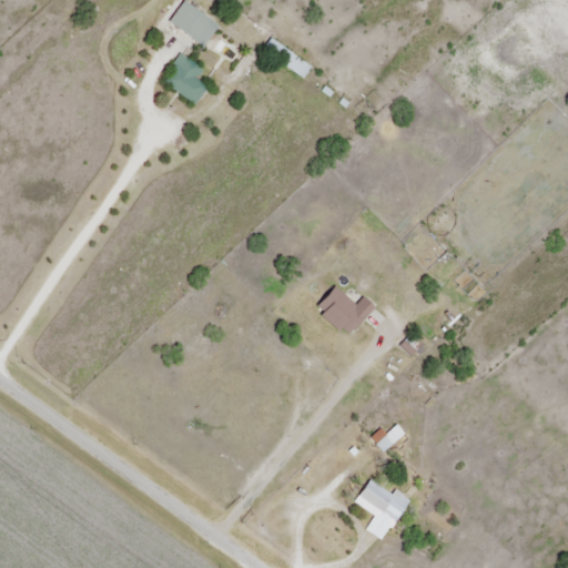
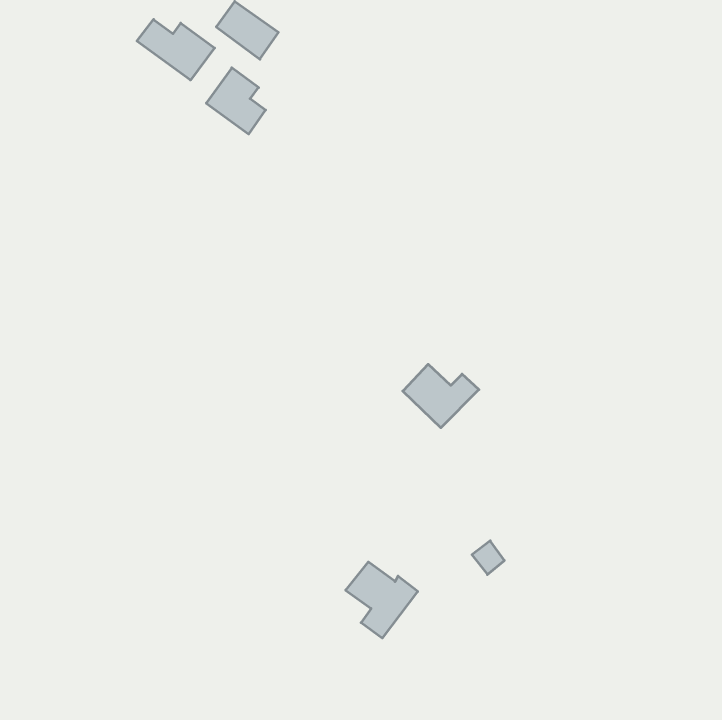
building: none -> [137,19,215,80]
building: [354,478,410,538] -> [346,562,418,638]

